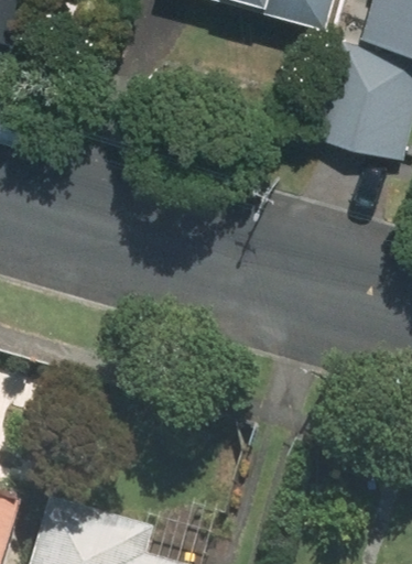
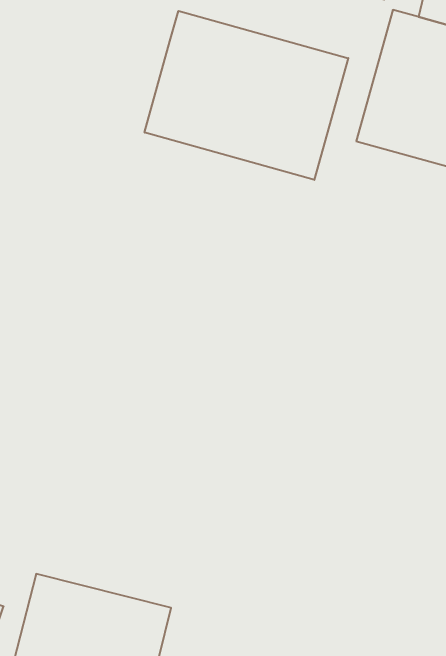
building: none -> [145,11,348,180]

